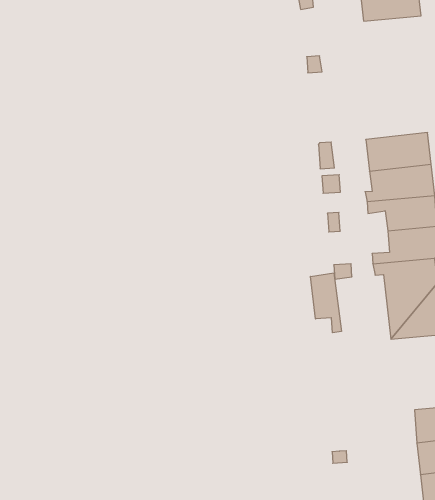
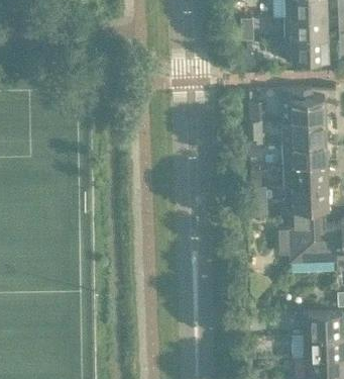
building: none -> [286,38,328,68]
building: none -> [281,88,326,122]
building: [310,273,341,333] -> none

